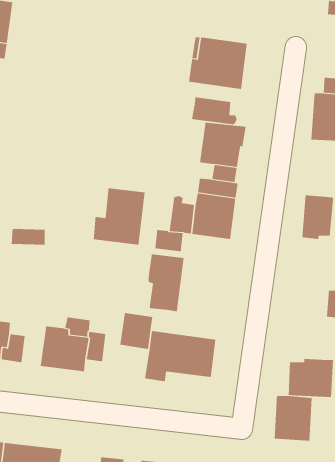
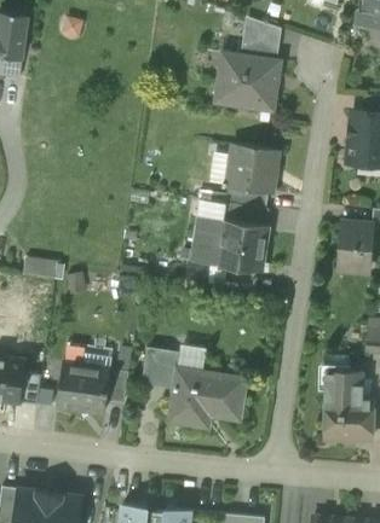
building: none -> [243,17,278,51]
building: [191,96,237,125] -> none
building: [93,187,145,245] -> none
building: [148,254,184,312] -> none
building: none -> [324,370,362,401]
building: [274,395,312,441] -> none

